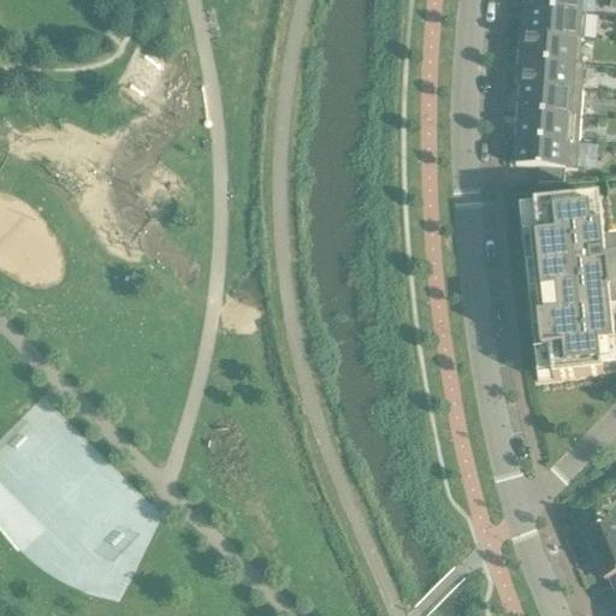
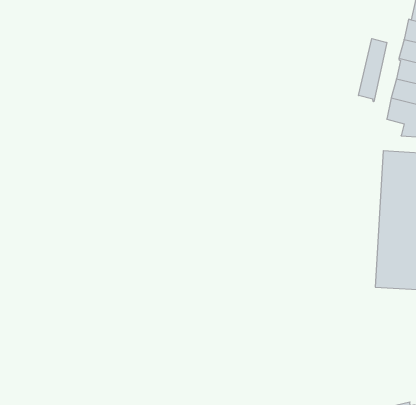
building: none -> [359,39,387,102]

